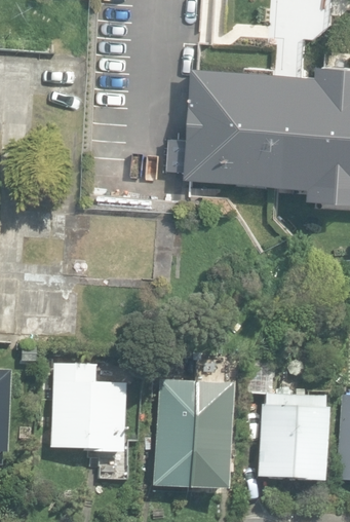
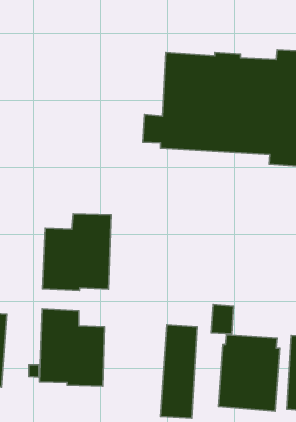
building: none -> [42,214,111,291]
building: [153,379,198,488] -> none

